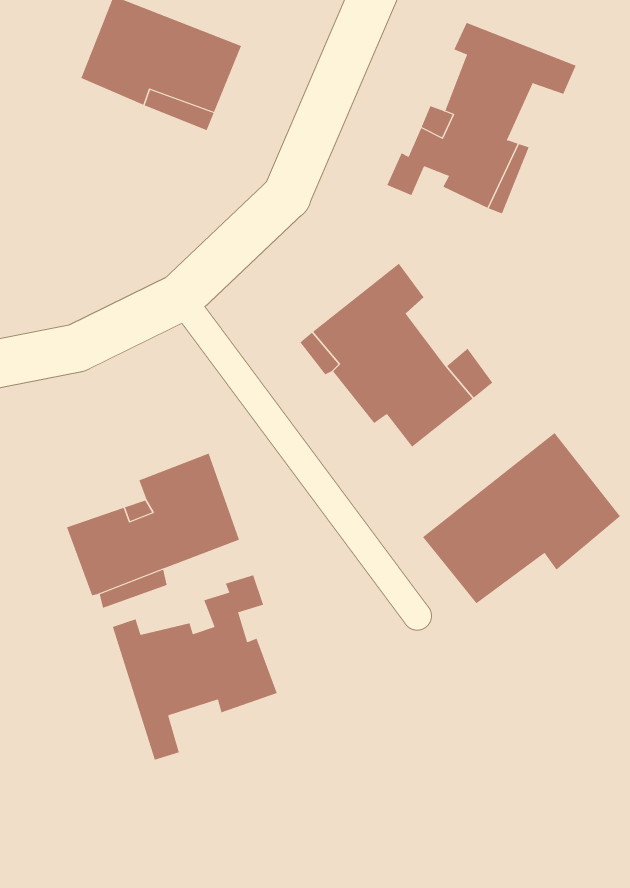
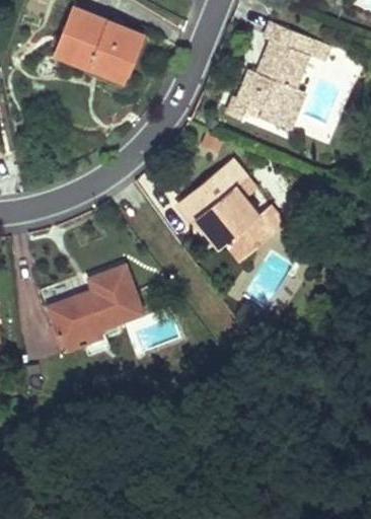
building: [422,432,621,604] -> none
building: [112,574,278,761] -> none

